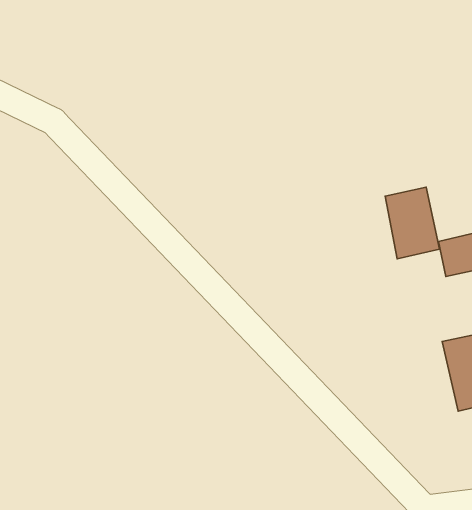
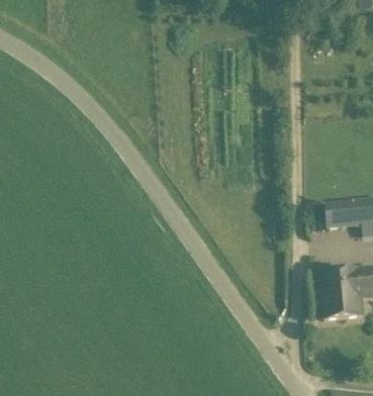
building: [385,187,440,259] -> none

